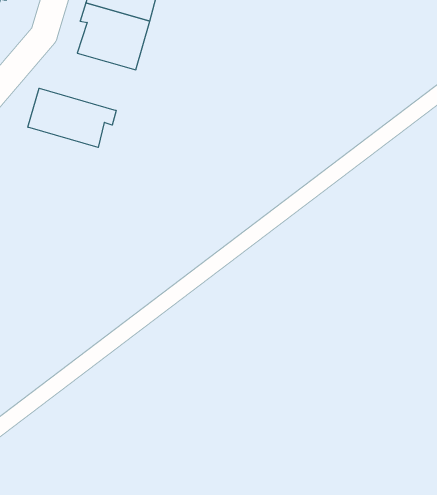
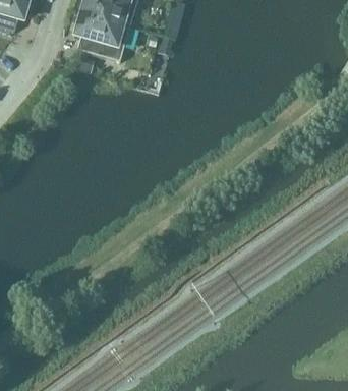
building: [28,88,116,147] -> none

